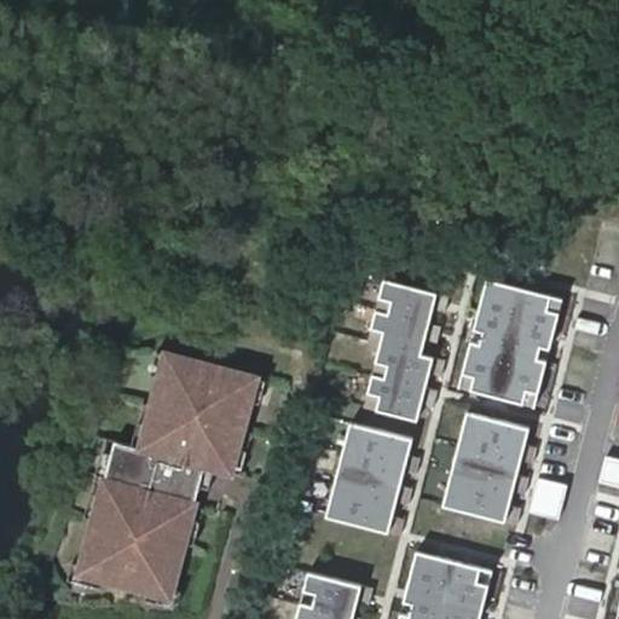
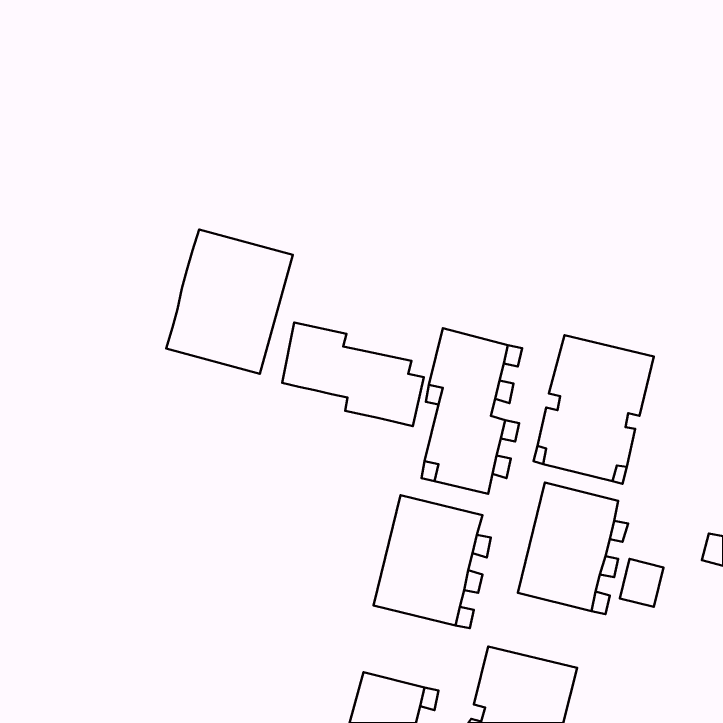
building: none -> [166,229,293,374]
building: none -> [282,323,424,426]
building: [79,352,255,595] -> none

